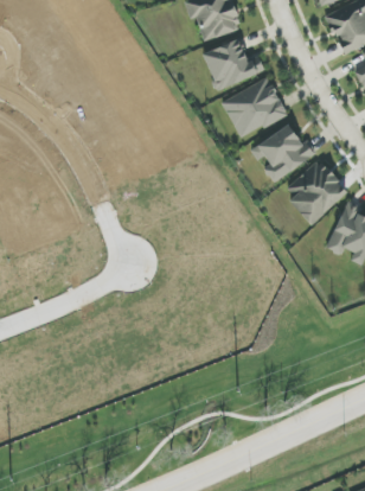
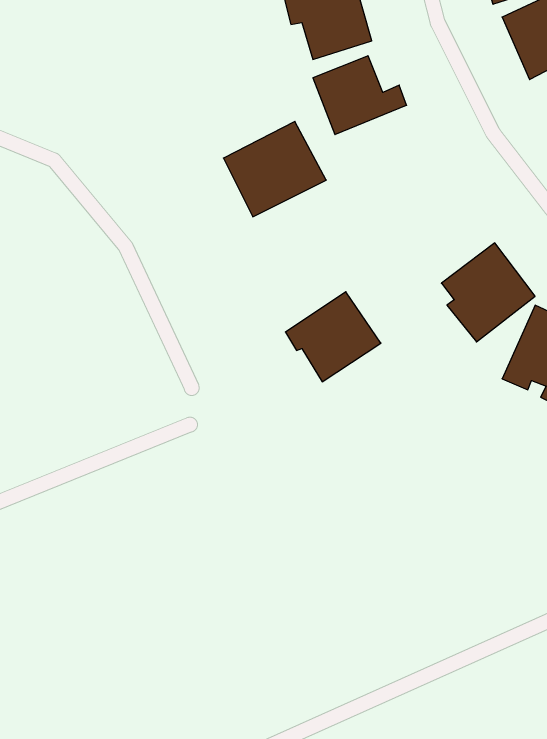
building: [222,76,288,138] -> [223,121,326,217]
building: [251,122,313,180] -> [285,292,381,382]

